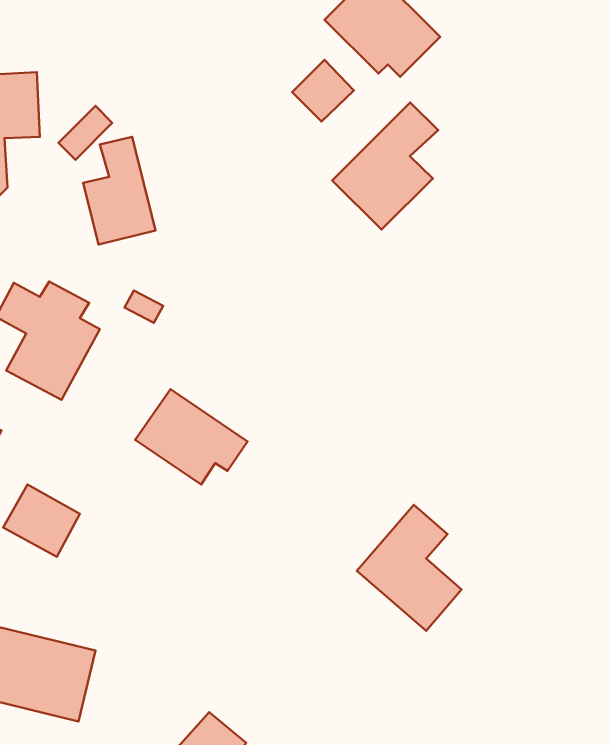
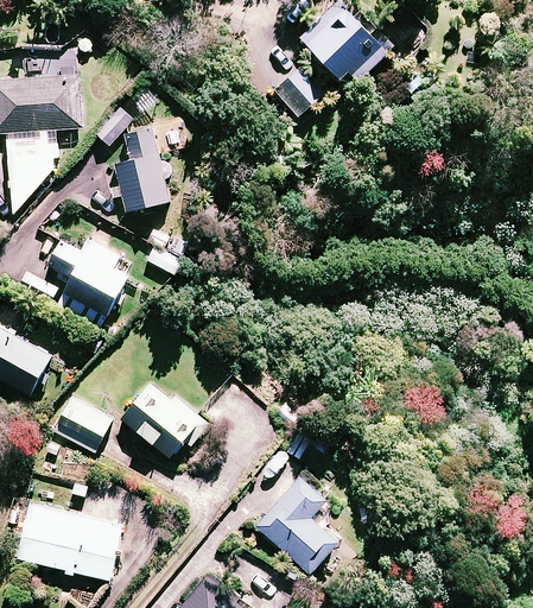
building: [332,103,438,229] -> none
building: [135,389,247,485] -> [120,382,207,456]
building: [357,505,461,631] -> [256,475,337,572]

